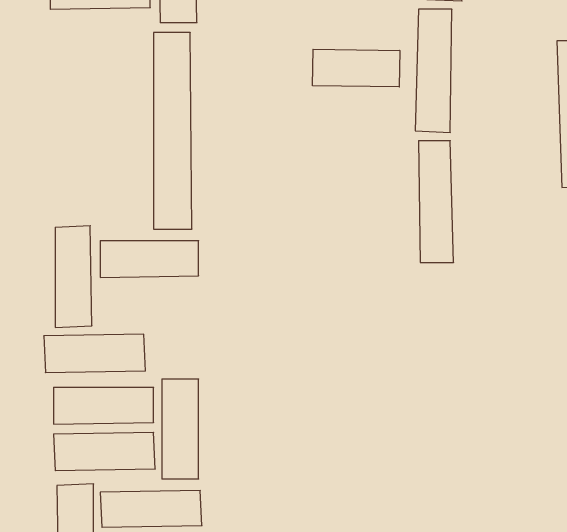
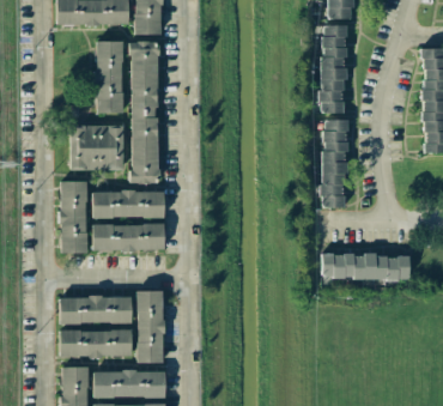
building: none -> [97,41,125,114]
building: [313,49,400,87] -> none
building: none -> [71,126,125,170]
building: none -> [322,255,411,279]
building: [44,334,145,373] -> [92,224,165,252]

